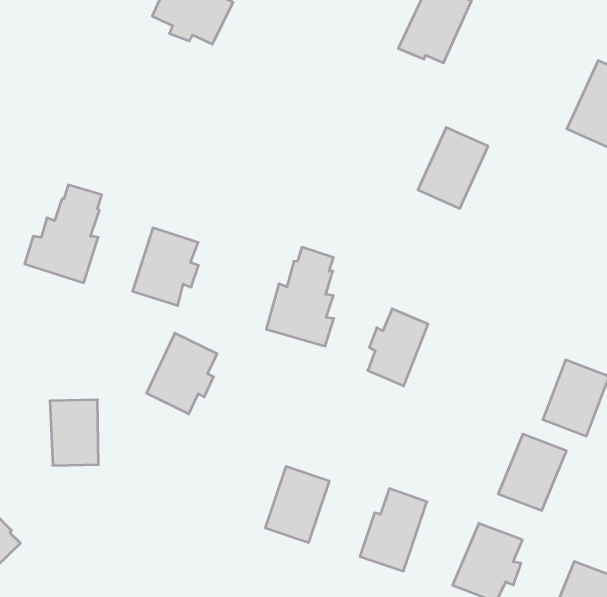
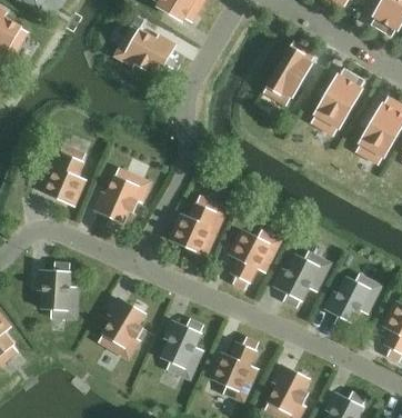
building: [418,128,488,208] -> [316,76,360,123]
building: [147,333,217,414] -> [101,299,144,347]
building: [498,434,566,510] -> [277,255,319,300]

